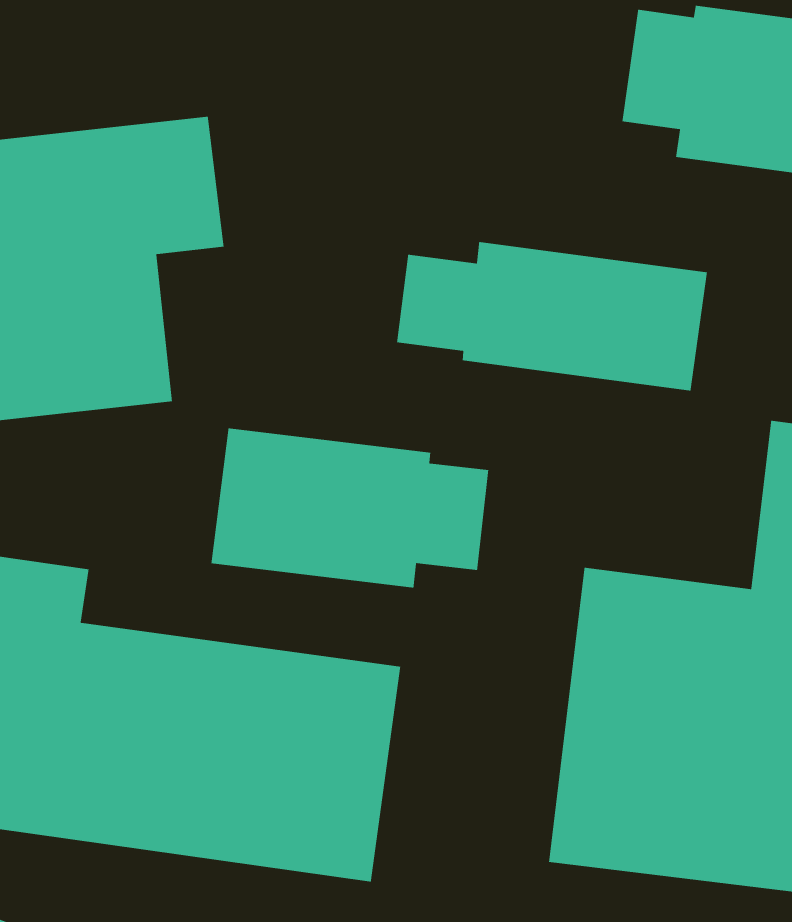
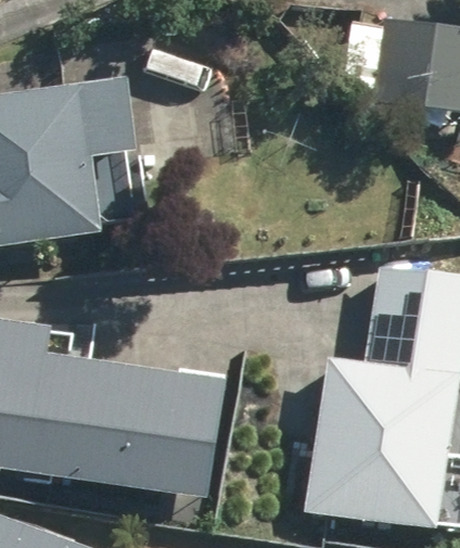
building: [396,241,708,392] -> none
building: [211,427,489,589] -> none

